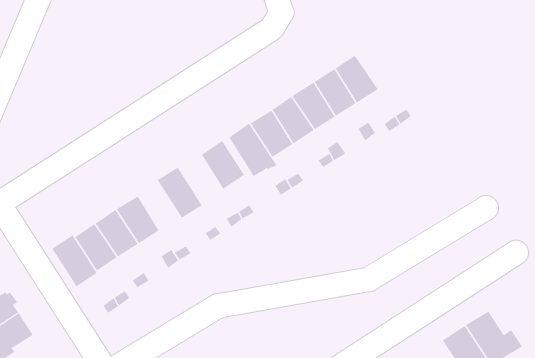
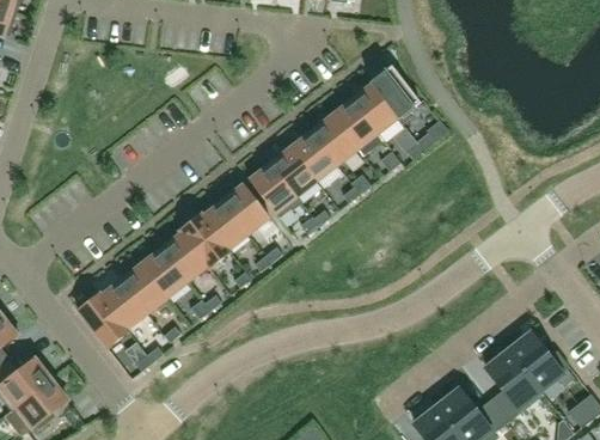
building: none -> [369,65,420,124]
building: none -> [200,200,247,251]
building: none -> [161,230,208,281]

